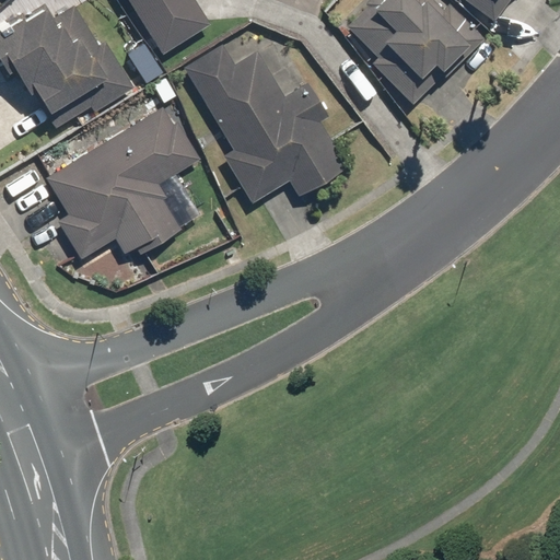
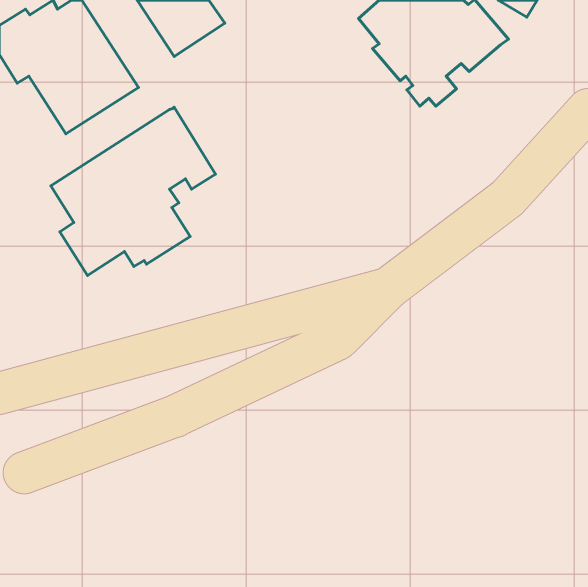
building: [184,44,347,203] -> none

